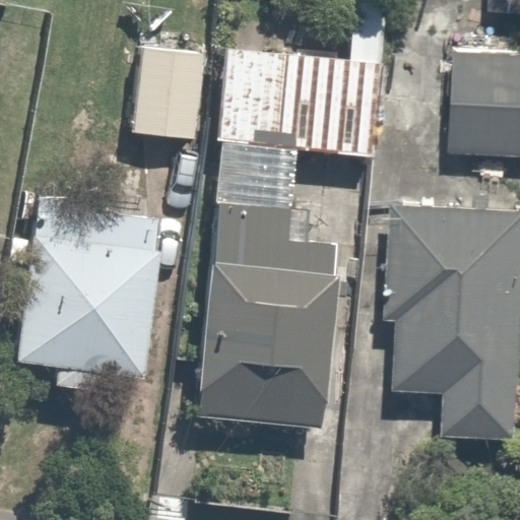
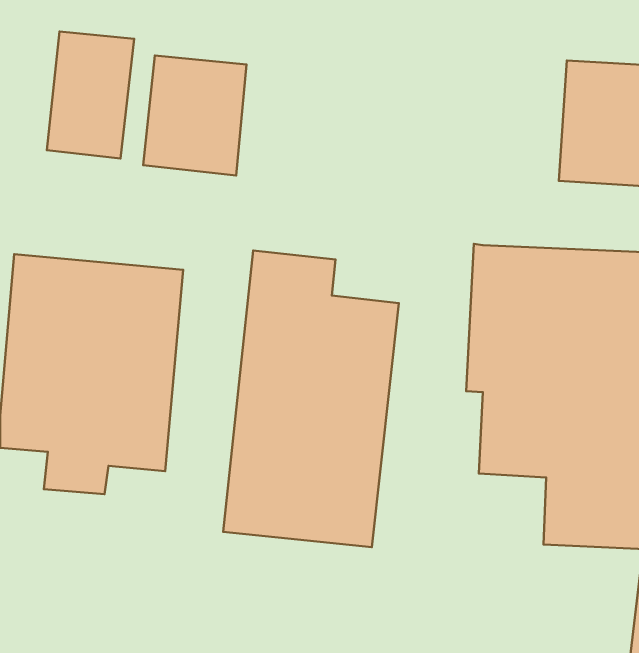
building: [219,26,388,156] -> none
building: none -> [47,31,134,159]

